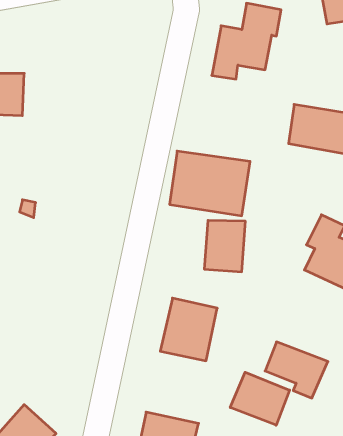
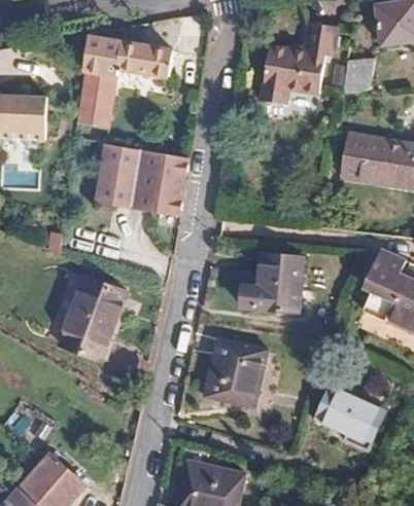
building: none -> [79,37,159,127]
building: none -> [343,52,374,89]
building: [170,151,250,216] -> [98,142,186,213]
building: none -> [62,277,131,359]
building: [230,372,290,425] -> none

